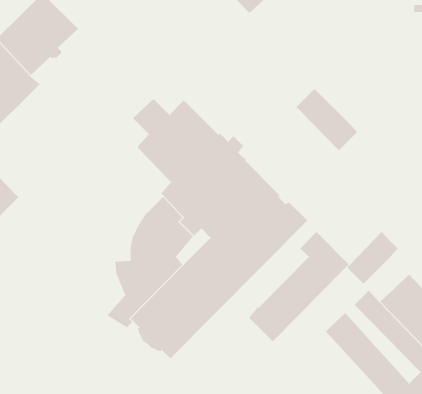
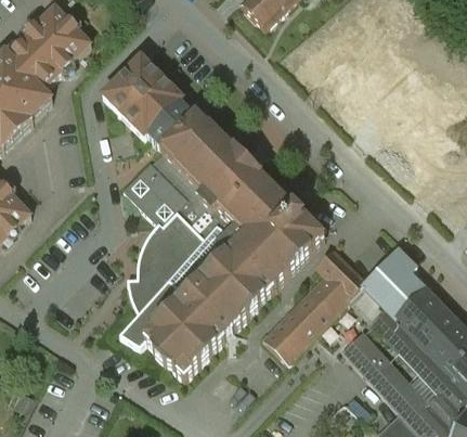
building: none -> [103,56,181,134]
building: [296,88,358,151] -> none
building: none -> [122,159,185,227]
building: none -> [381,272,428,319]

